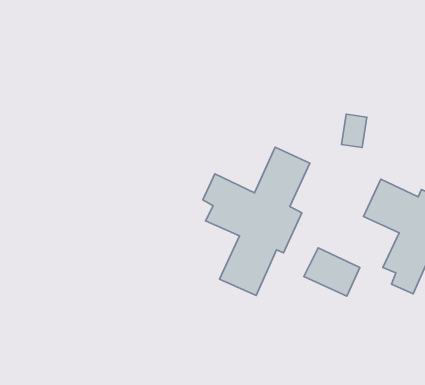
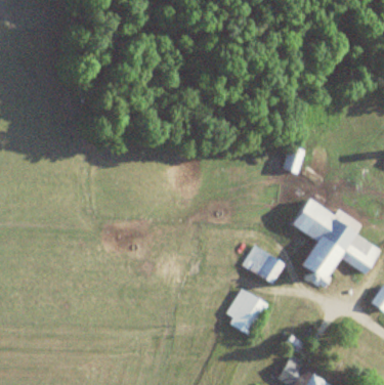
building: [203,147,310,295] -> none
building: none -> [225,288,268,335]

